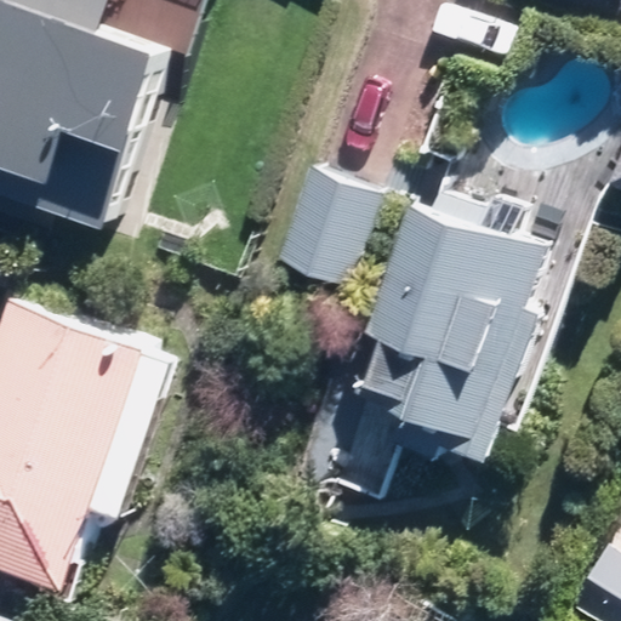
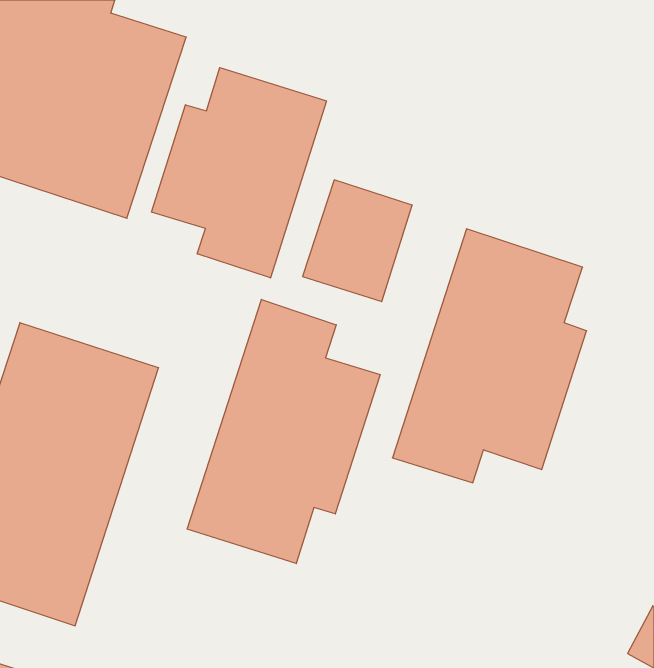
building: none -> [152,68,326,278]
building: none -> [187,299,380,564]

